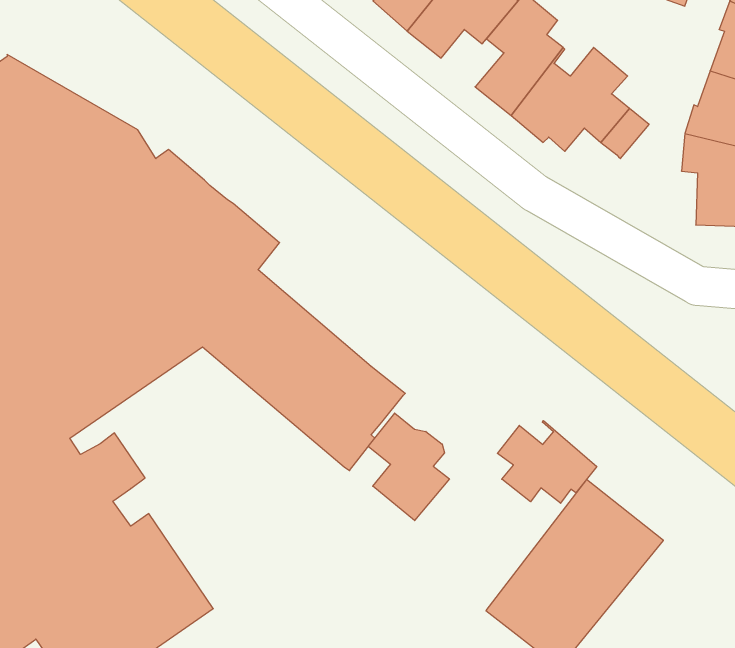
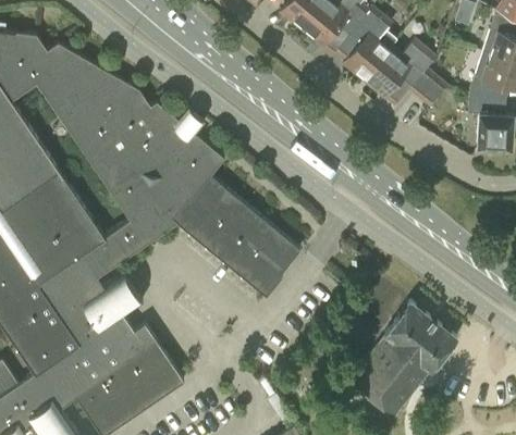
building: [368,413,449,521] -> none
building: [497,421,597,503] -> none

